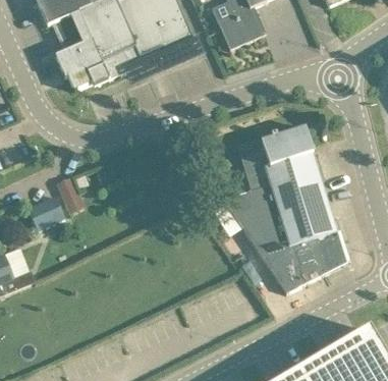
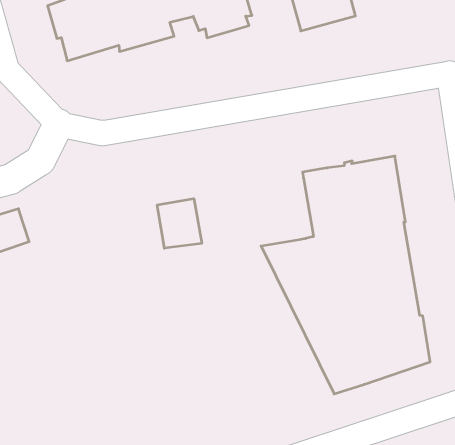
building: none -> [157,199,202,248]
building: [55,175,84,212] -> none

